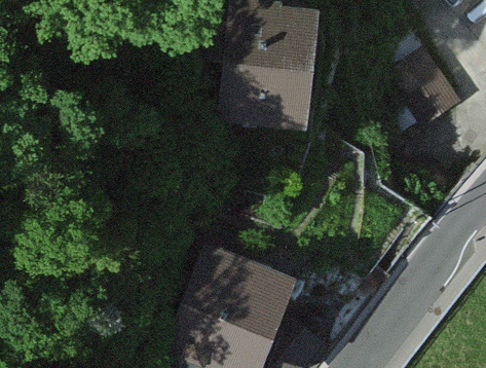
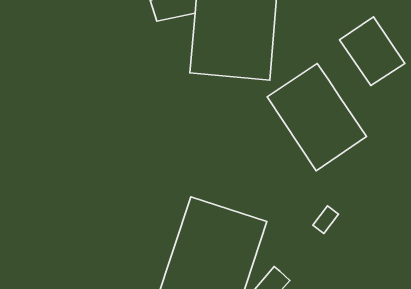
building: none -> [267,64,367,171]

